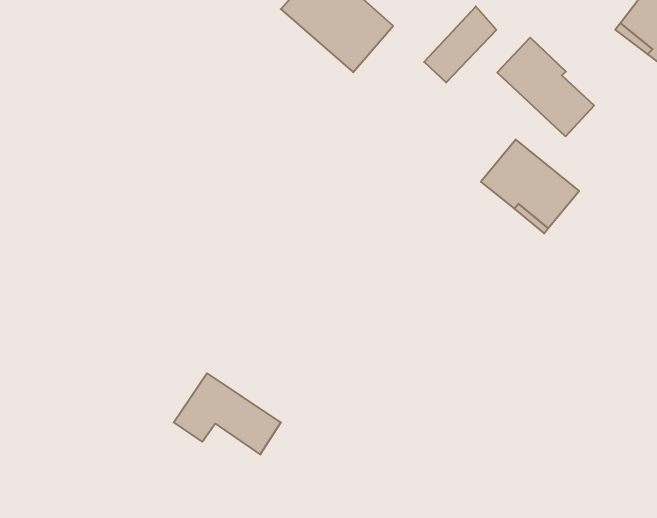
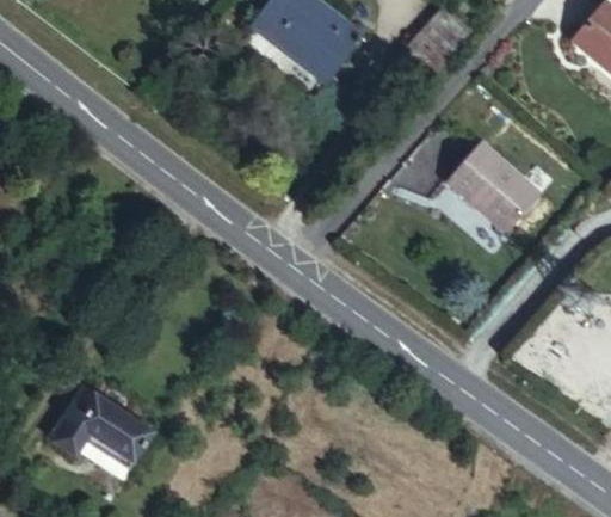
building: [497,38,594,136] -> none
building: [174,373,281,455] -> [50,393,149,468]

